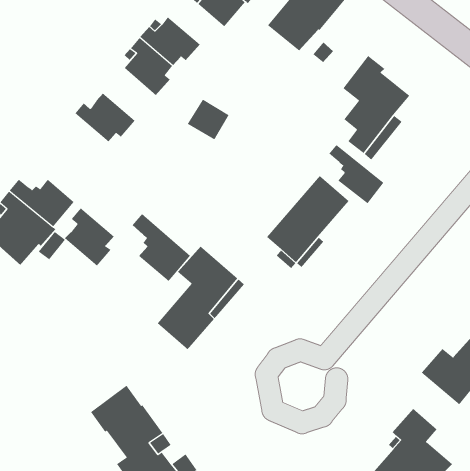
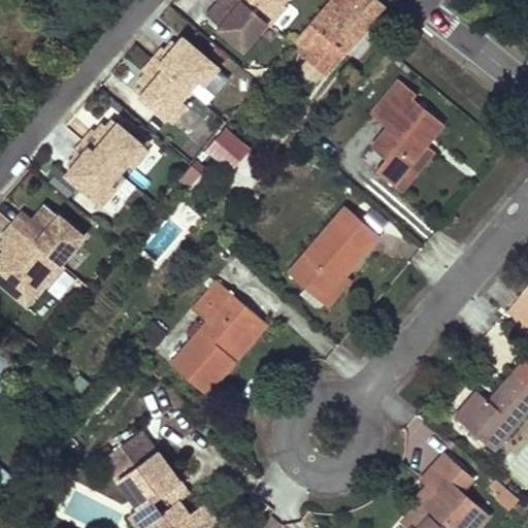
building: [329,144,384,204] -> none
building: [64,207,114,266] -> [67,141,121,204]
building: [132,213,191,282] -> none

